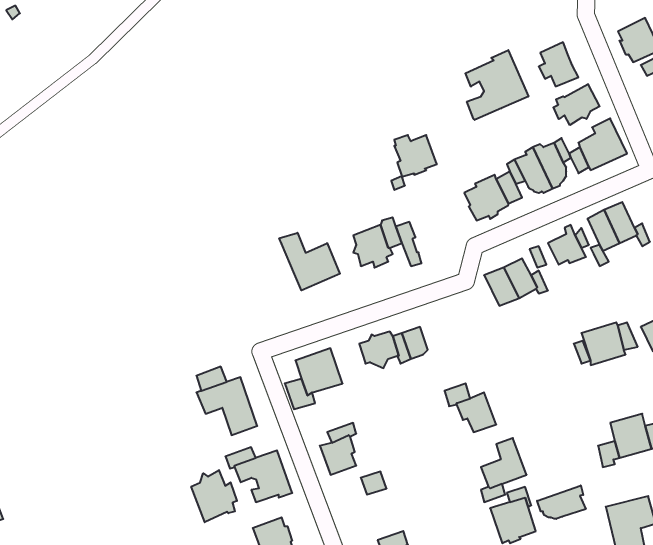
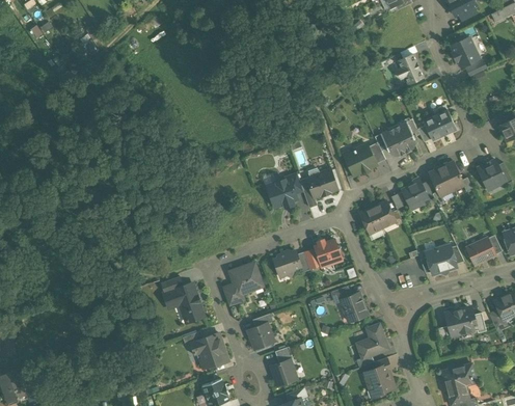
building: [465,50,528,120] -> none
building: [553,84,600,125] -> none
building: [394,135,437,176] -> [308,169,337,197]
building: [279,233,340,290] -> none
building: none -> [315,239,342,264]
building: [191,470,237,522] -> none
building: [537,485,586,519] -> none
building: none -> [271,359,297,385]

